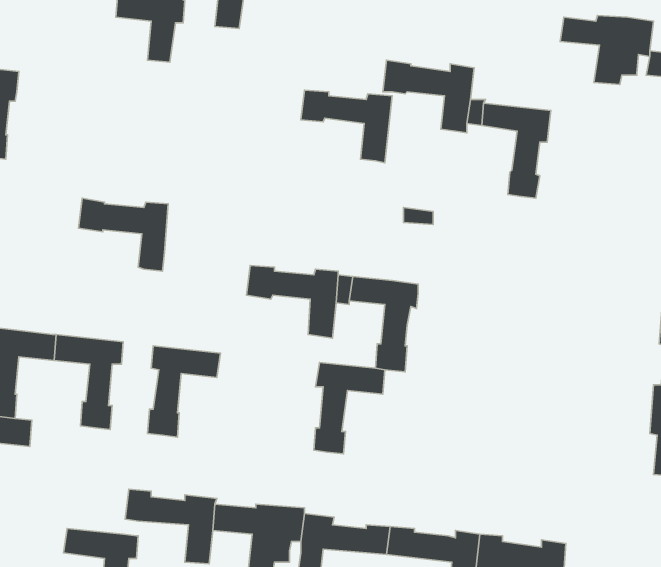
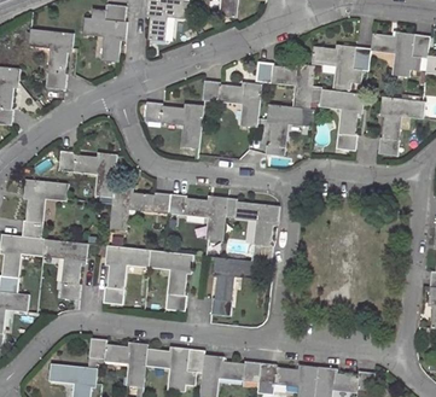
building: none -> [28,30,72,91]
building: none -> [310,46,370,91]
building: none -> [377,97,424,156]
building: none -> [144,101,203,148]
building: none -> [264,104,302,156]
building: none -> [22,180,68,239]
building: none -> [109,186,169,230]
building: none -> [147,251,192,311]

